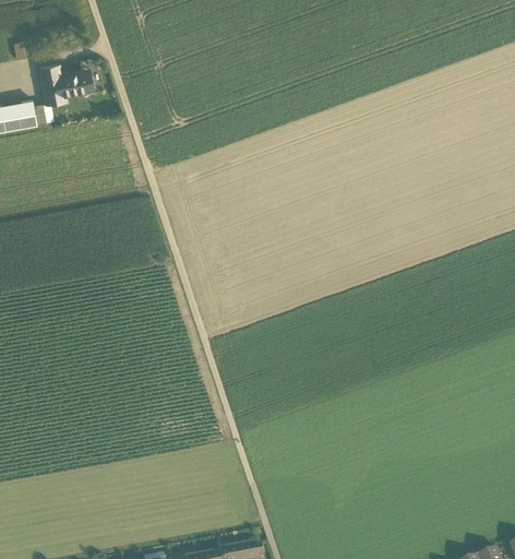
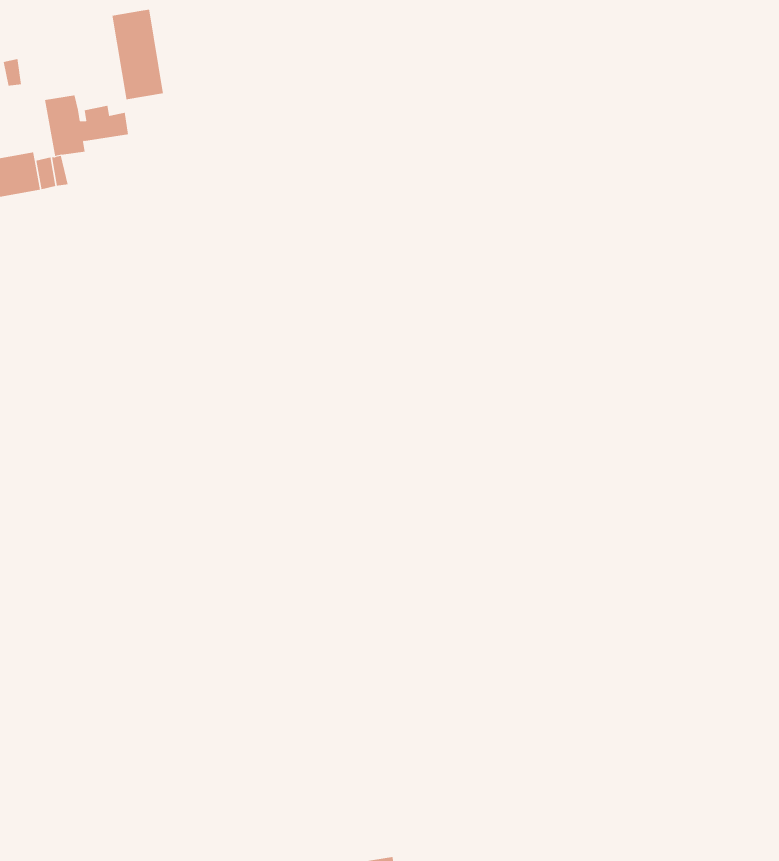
building: none -> [112,9,164,100]

